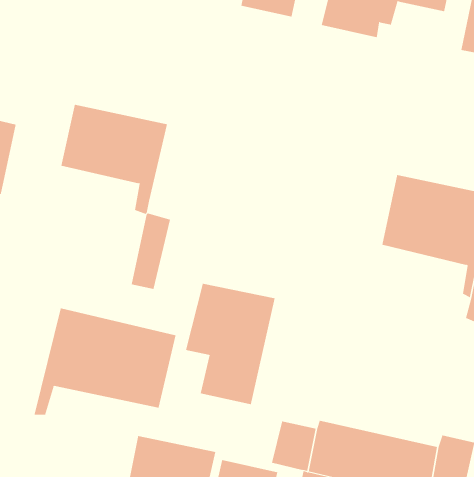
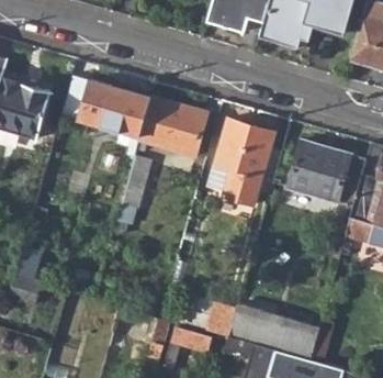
building: none -> [137,98,207,156]
building: [185,283,276,405] -> [214,121,277,204]
building: [34,307,176,416] -> none

